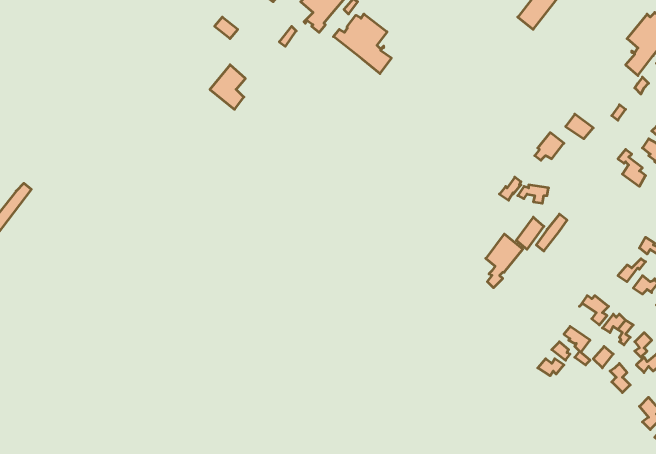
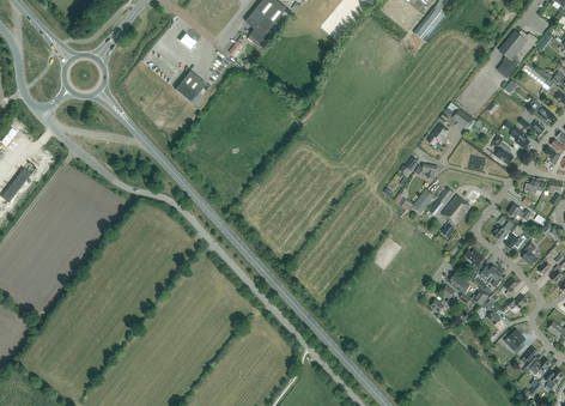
building: [333,14,391,74] -> none
building: [486,234,523,288] -> [442,194,470,236]

